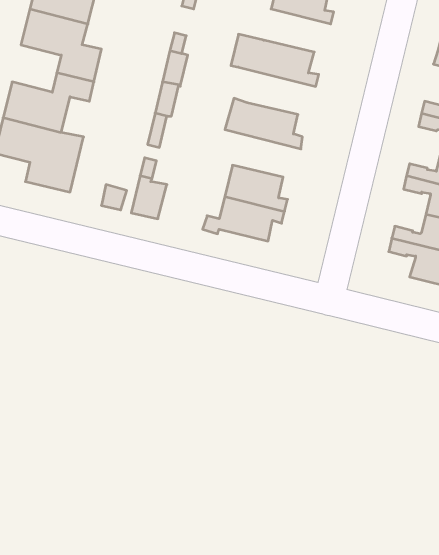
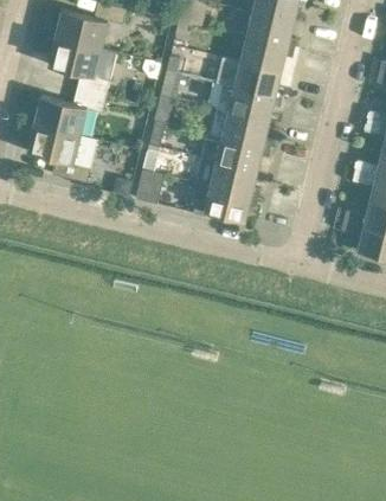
building: none -> [242,36,295,70]
building: none -> [215,82,283,120]
building: none -> [202,131,271,169]

